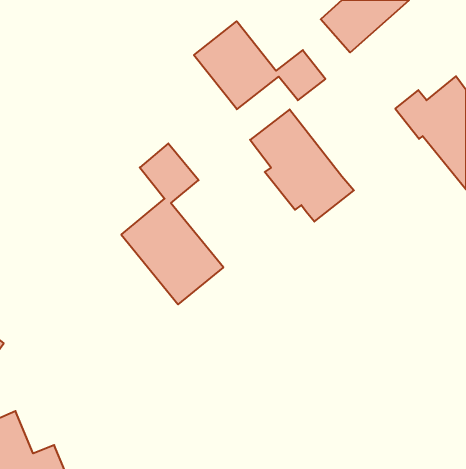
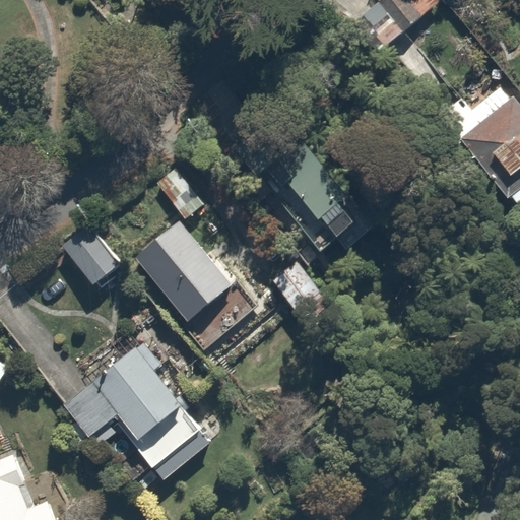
building: [194,21,325,109] -> none
building: none -> [59,225,124,295]
building: none -> [62,343,205,476]

